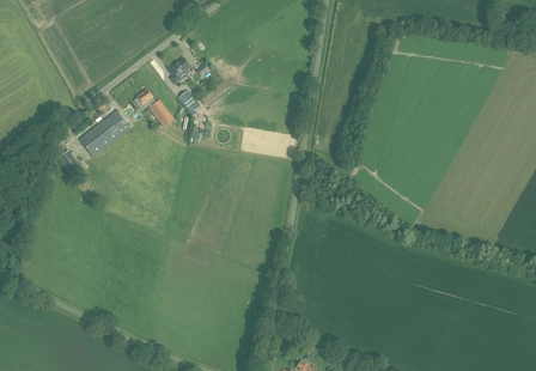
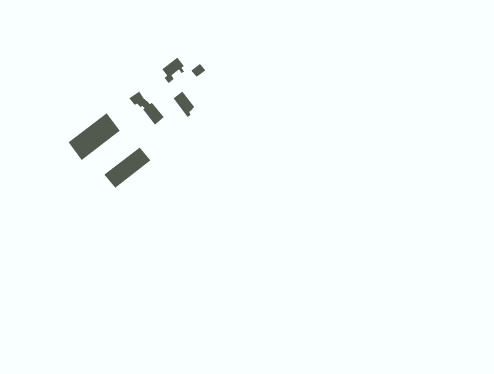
building: none -> [103,146,152,189]

